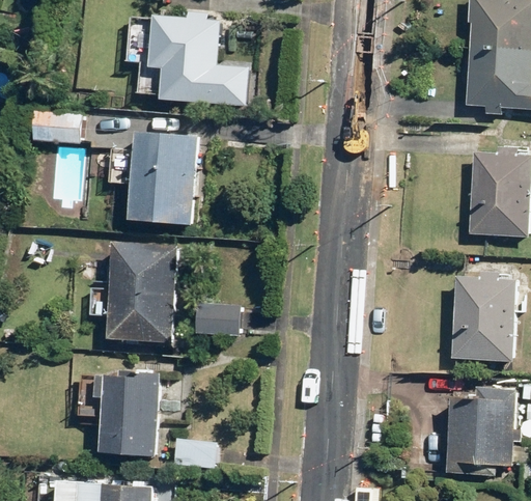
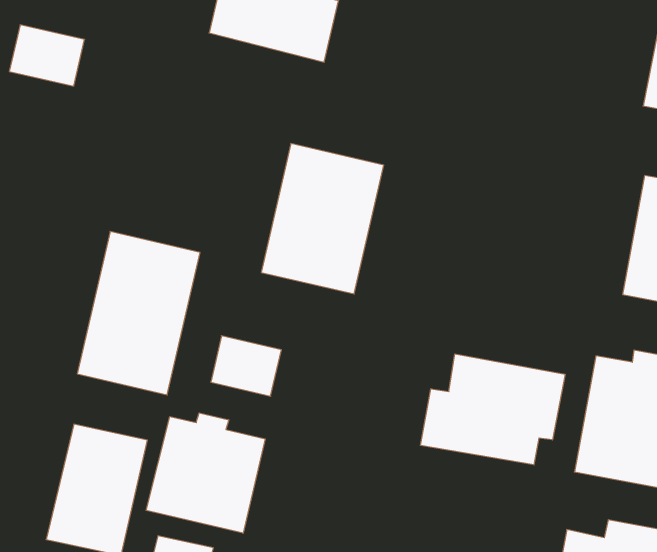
building: [129,129,201,224] -> [261,144,384,294]
building: none -> [420,354,565,465]
building: none -> [146,413,265,533]

